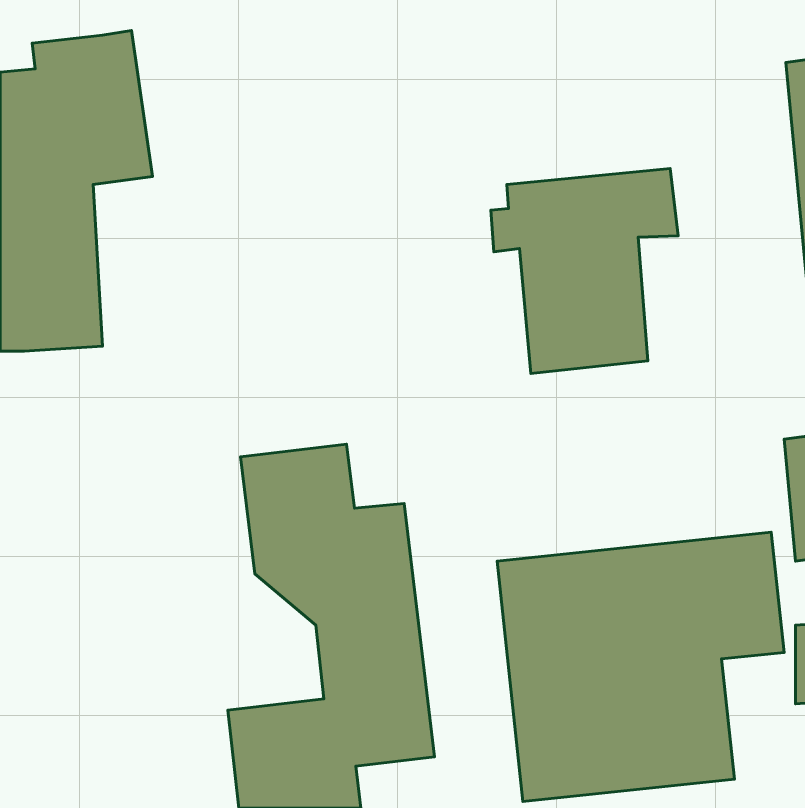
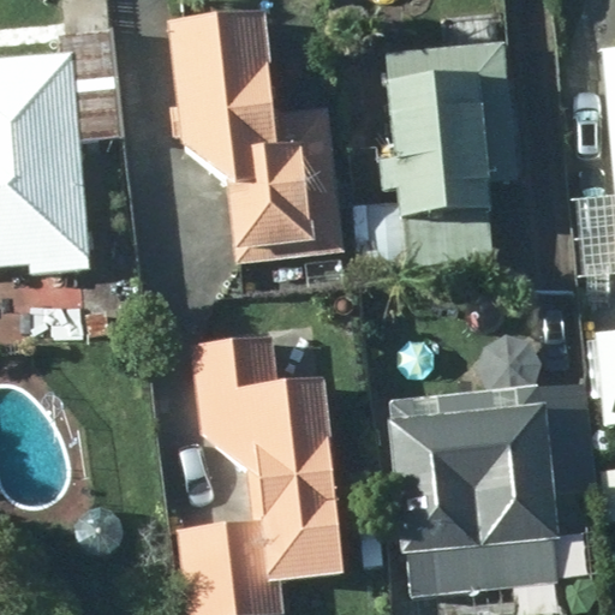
building: none -> [159,8,346,261]
building: none -> [382,40,513,138]

